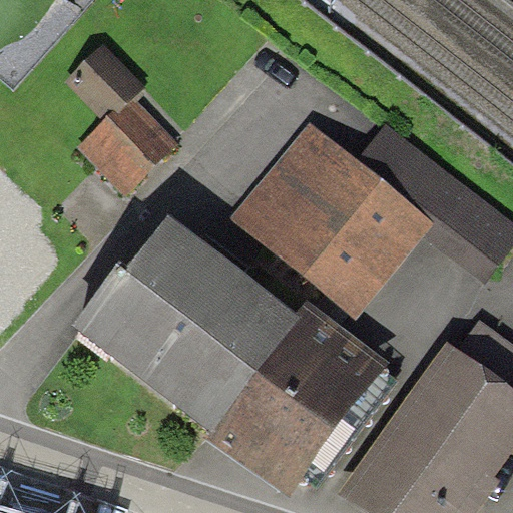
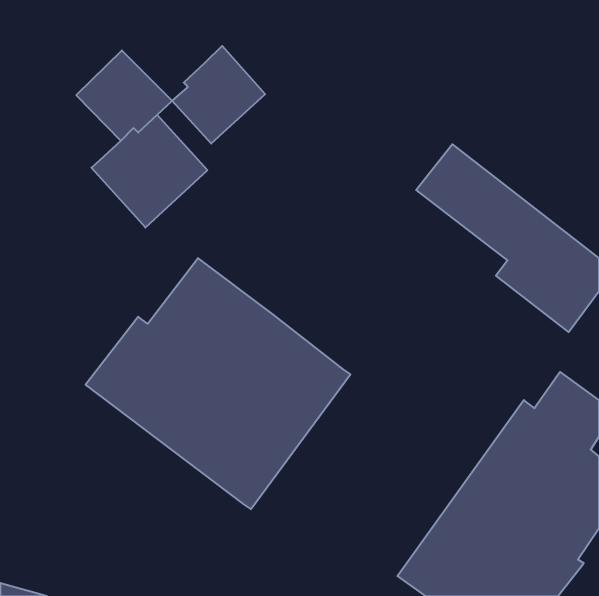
building: none -> [172,46,265,144]
building: [230,122,434,318] -> none
building: [204,302,390,500] -> none

